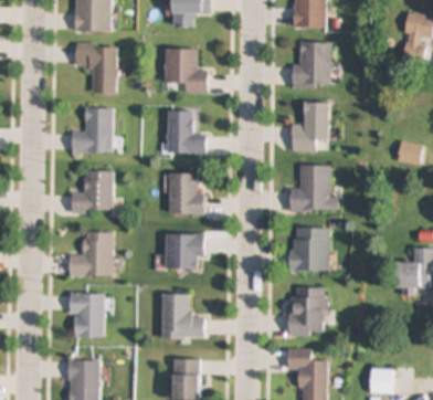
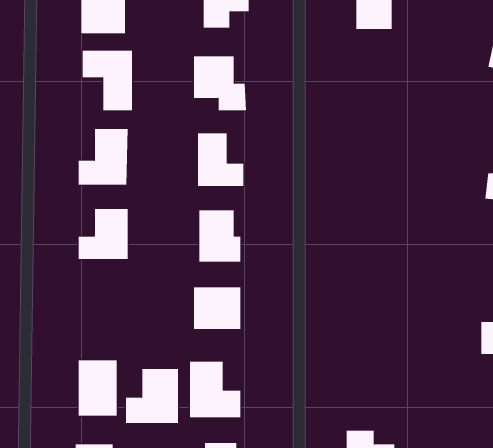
building: [292,41,330,88] -> none
building: [292,102,328,150] -> none
building: [289,165,330,210] -> none
building: [292,227,328,271] -> none
building: [70,231,113,275] -> [125,368,179,423]
building: [288,286,325,336] -> none

